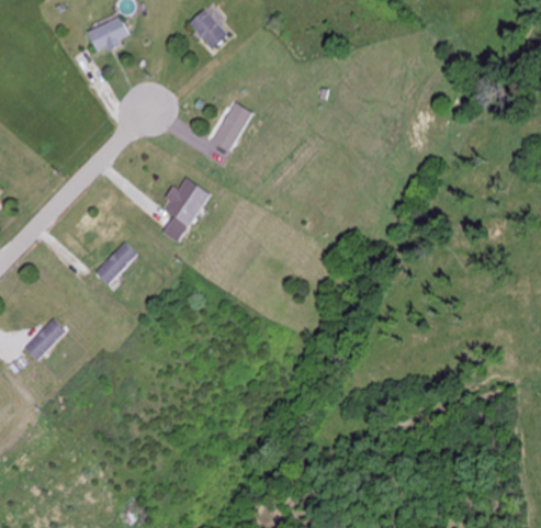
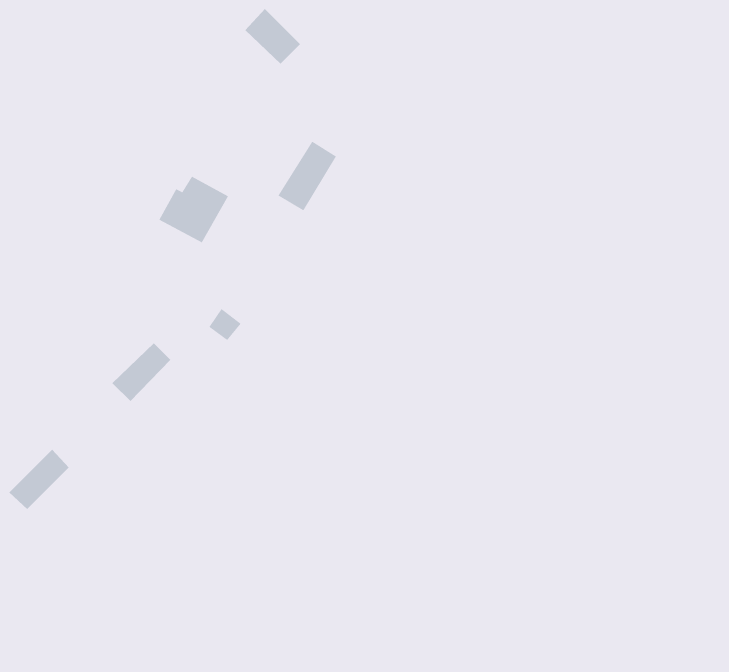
building: [86,14,127,49] -> none
building: [161,178,211,225] -> [159,176,229,243]

